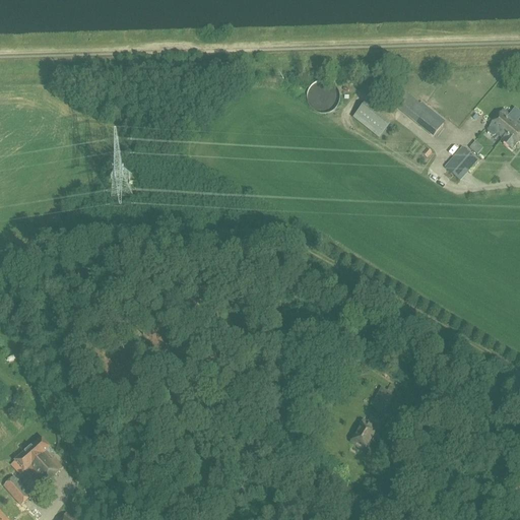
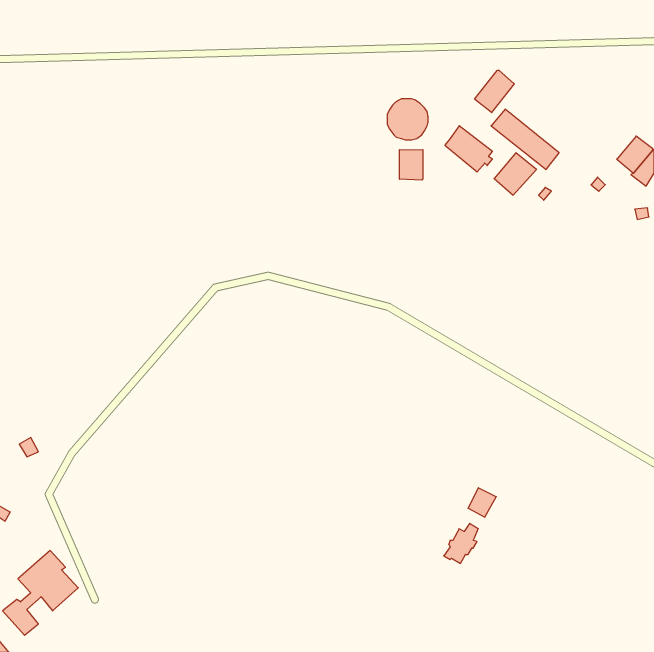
building: none -> [475,70,514,113]
building: none -> [400,150,423,180]
building: [444,145,477,179] -> [494,153,536,195]

